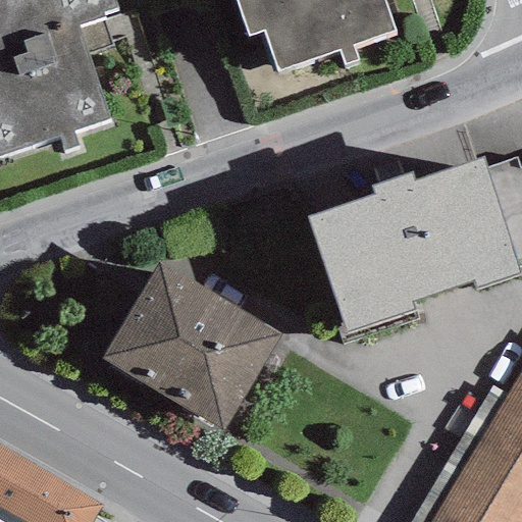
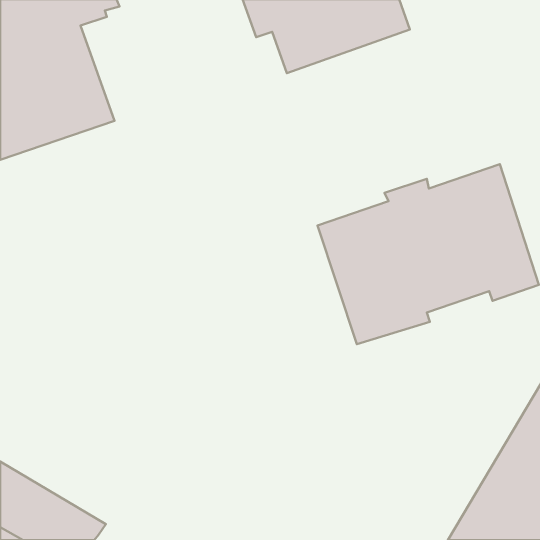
building: [103,263,281,432] -> none

